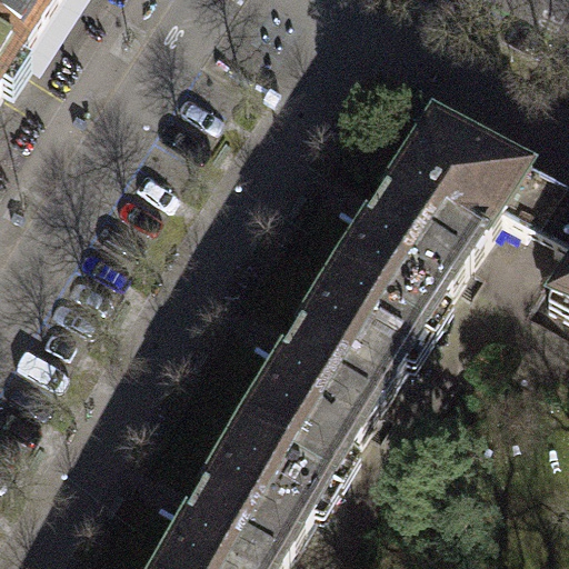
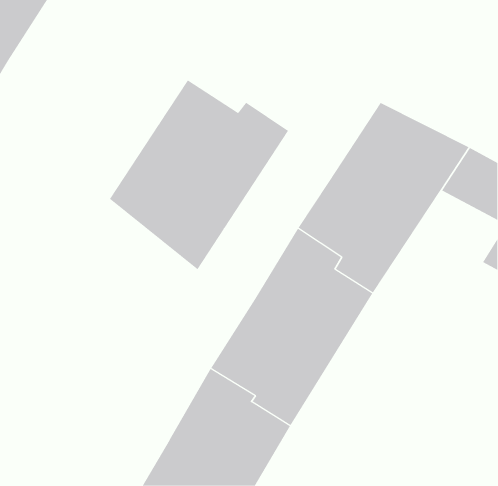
building: none -> [109,79,289,270]

